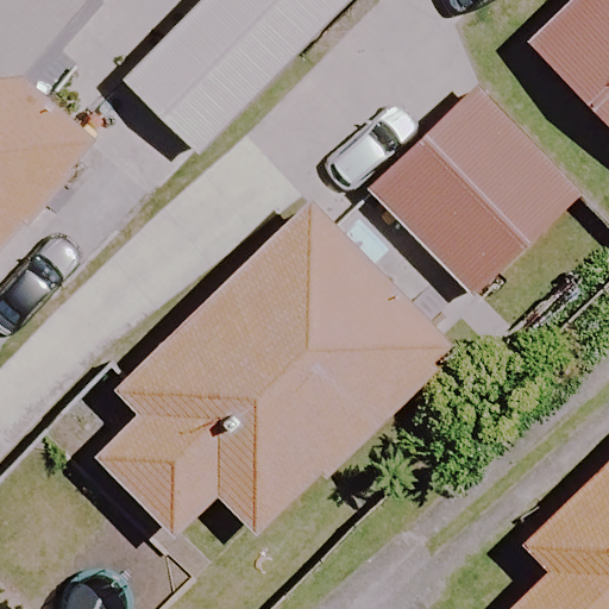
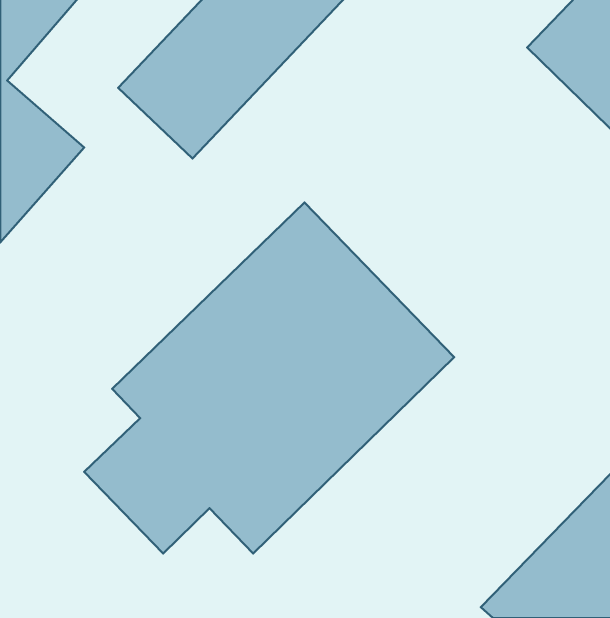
building: [368,86,579,297] -> none

